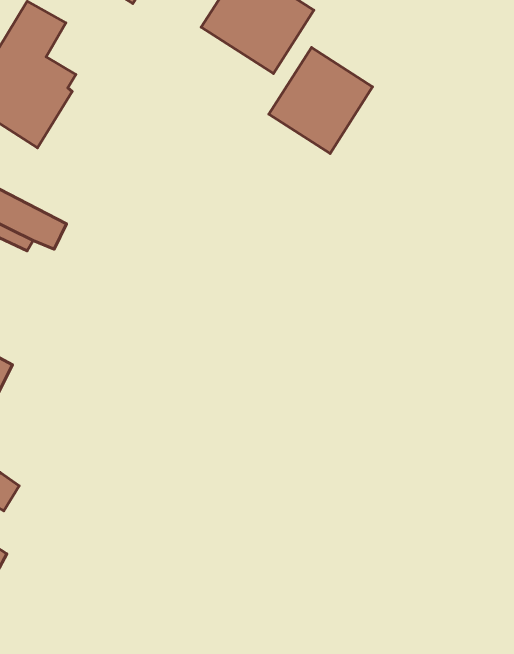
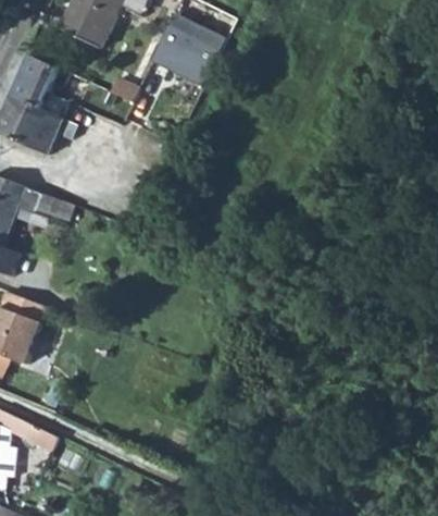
building: [269,48,373,153] -> none

